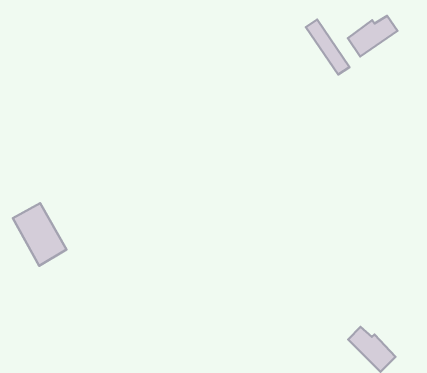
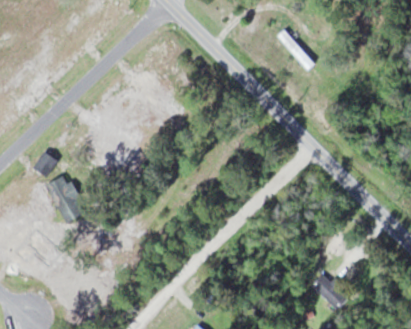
building: [348,16,397,56] -> none

